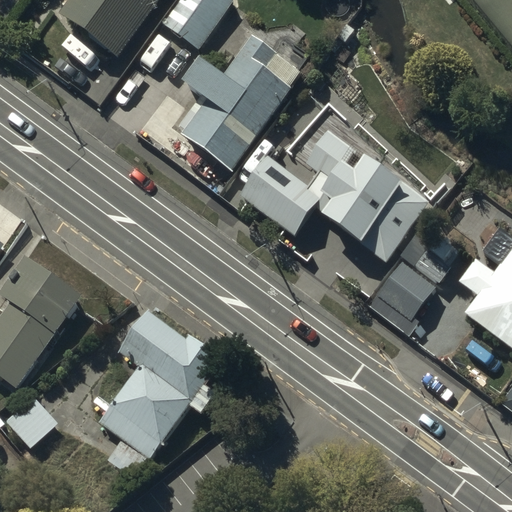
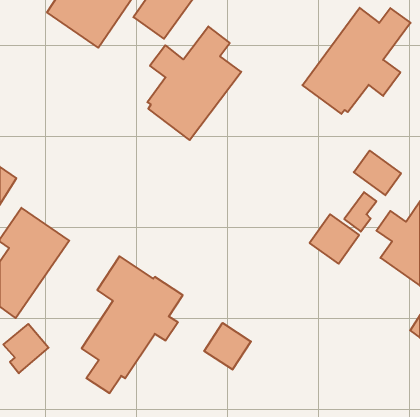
building: none -> [302,8,411,114]
building: [239,128,430,262] -> none
building: none -> [354,151,401,195]
building: none -> [204,323,251,370]

